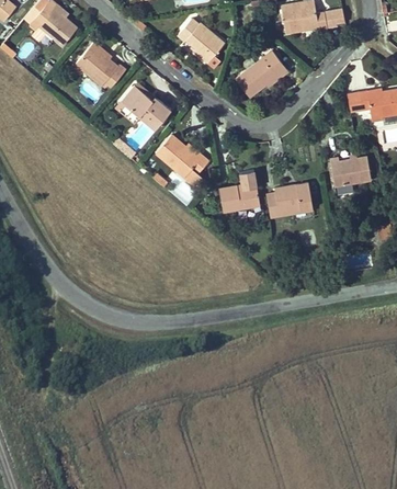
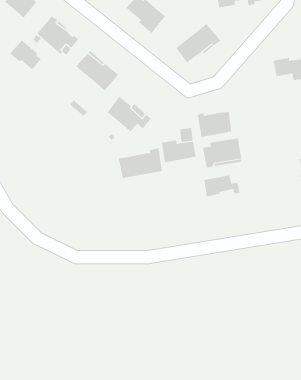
building: none -> [9,39,42,70]
building: [329,157,370,186] -> [197,112,232,137]
building: none -> [118,147,163,179]
building: none -> [204,174,240,197]

